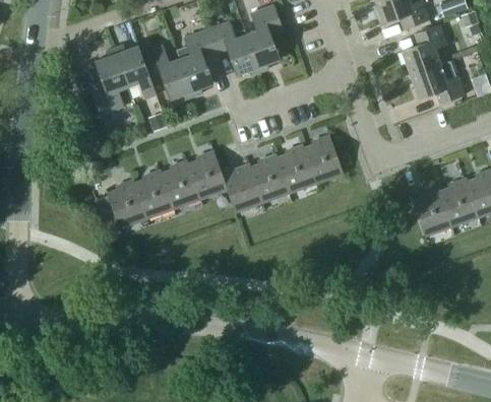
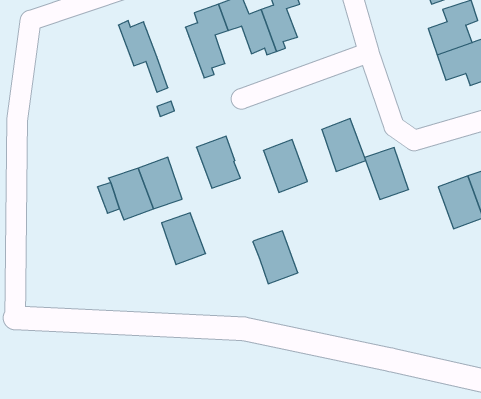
building: [141,45,194,99] -> none
building: [90,48,129,116] -> none
building: [275,144,316,192] -> [365,148,409,199]
building: [161,160,201,208] -> [162,213,206,265]
building: [222,163,263,212] -> [253,231,298,284]

